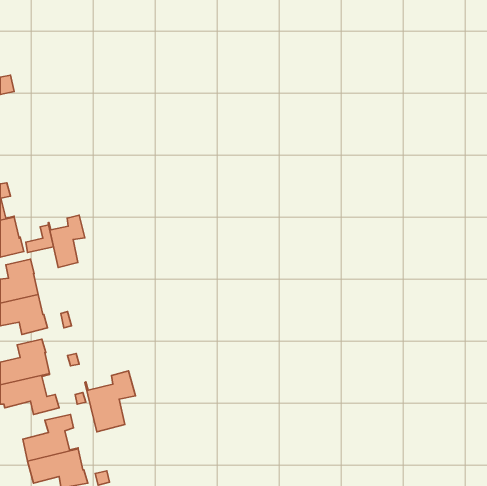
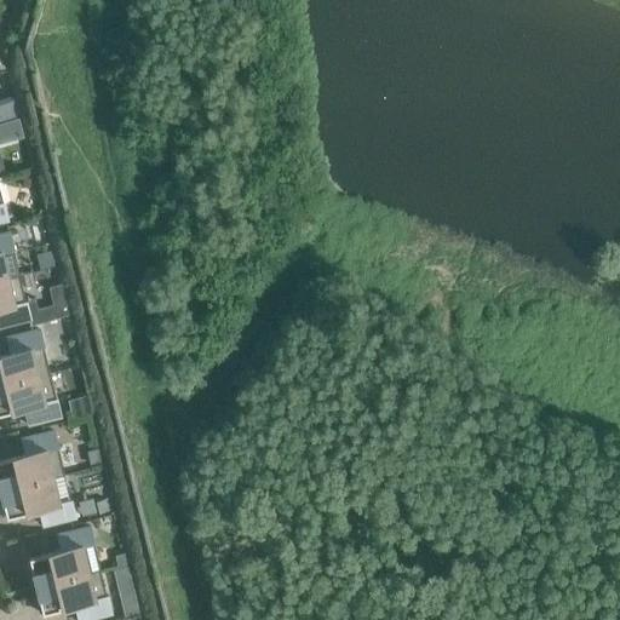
building: [48,215,85,267] -> none
building: [85,371,136,432] -> none

